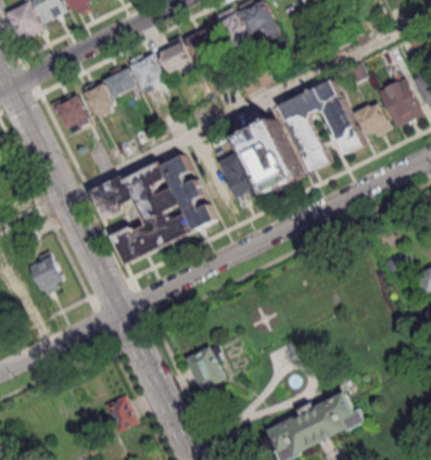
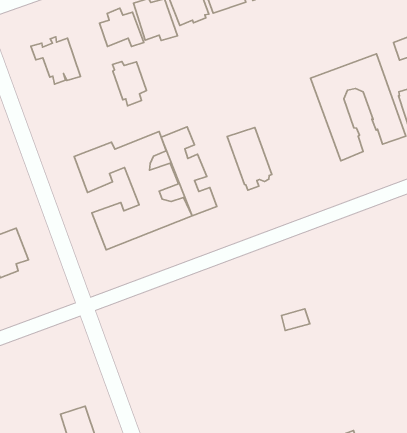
building: [81,82,112,119] -> [112,61,146,106]
building: [238,119,302,193] -> none
building: [185,343,227,392] -> none

